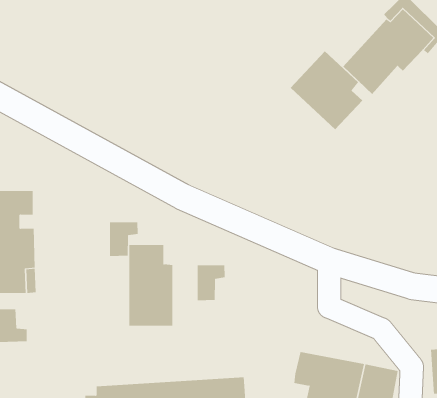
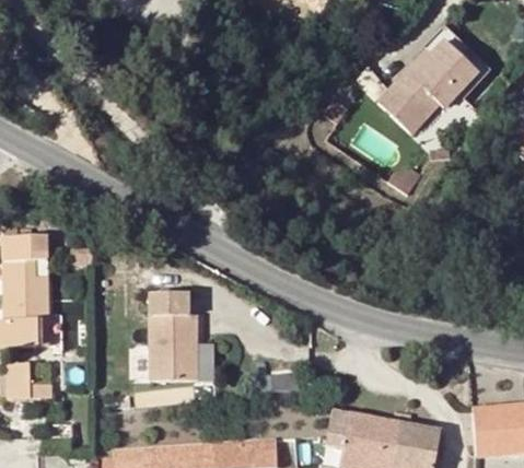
building: [290,50,363,130] -> none
building: [110,221,138,257] -> none
building: [197,264,225,301] -> none

